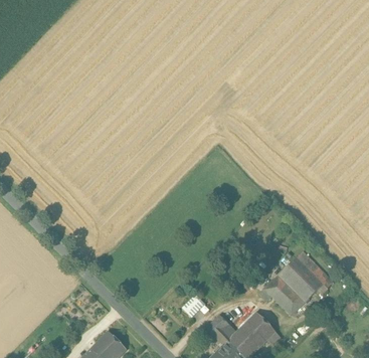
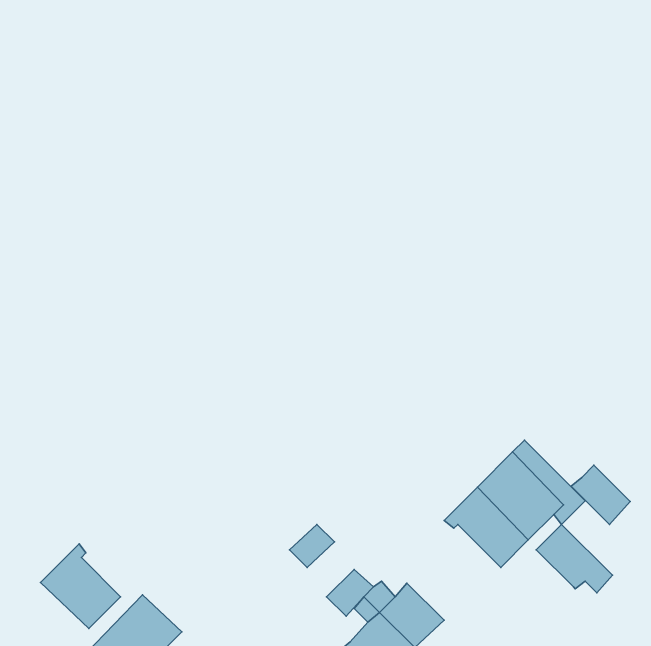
building: none -> [571,465,630,524]
building: none -> [40,544,121,629]
building: [241,312,281,347] -> [536,524,613,593]

